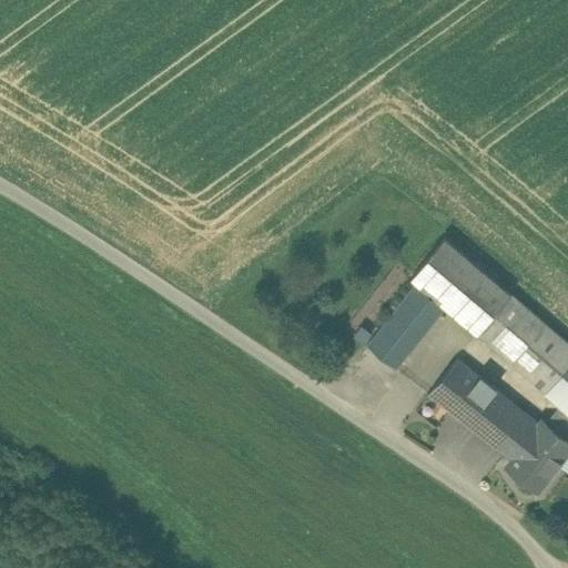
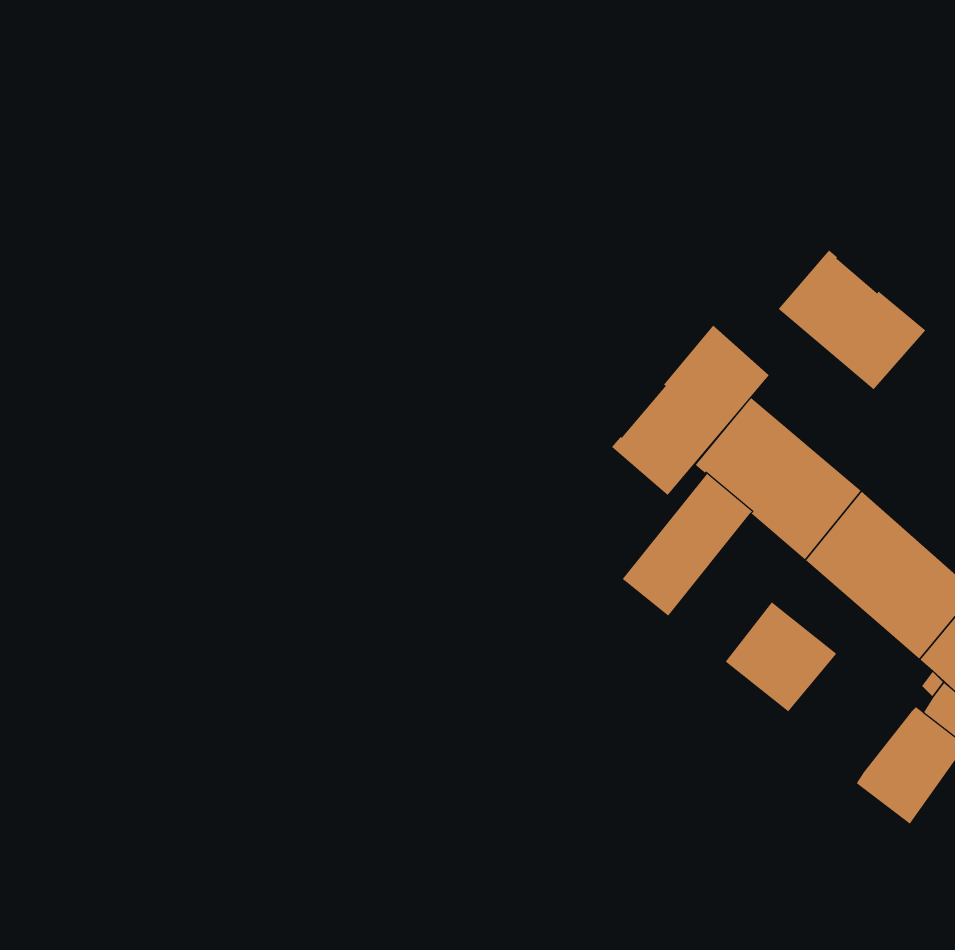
building: none -> [778,250,926,390]
building: none -> [611,325,770,496]
building: [468,392,540,462] -> none

